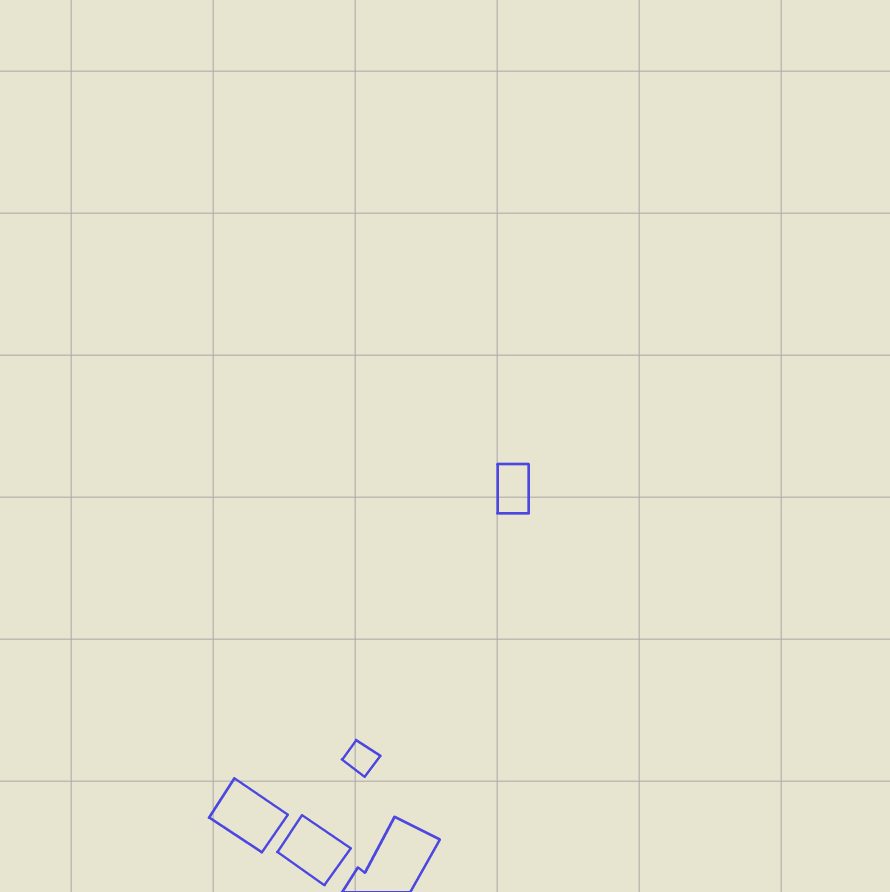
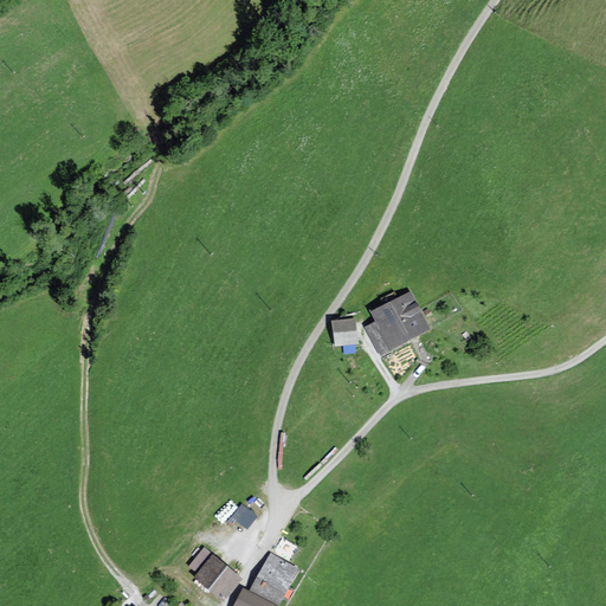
building: none -> [370,297,427,348]
building: [209,778,288,852] -> none

